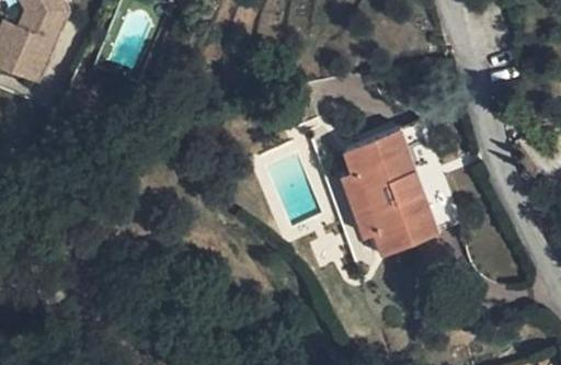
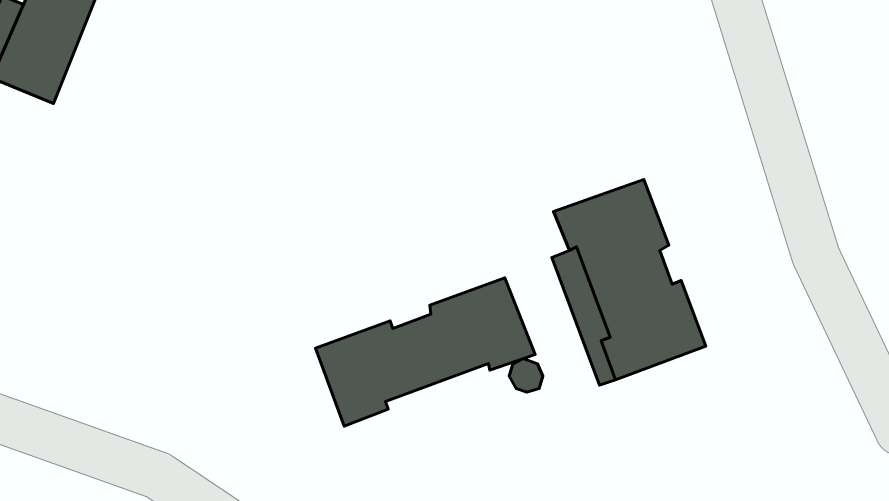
building: none -> [315,278,535,426]

